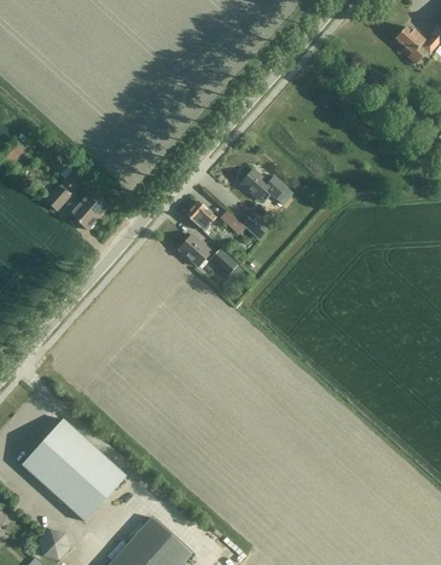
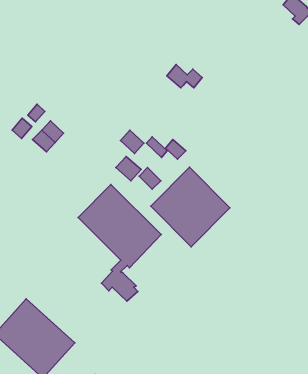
building: [240,169,286,200] -> [167,65,202,88]
building: none -> [151,167,230,247]
building: none -> [78,185,161,301]

